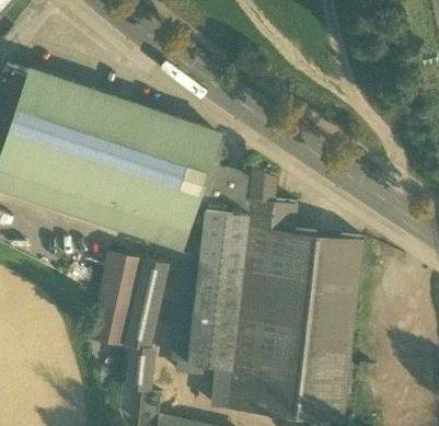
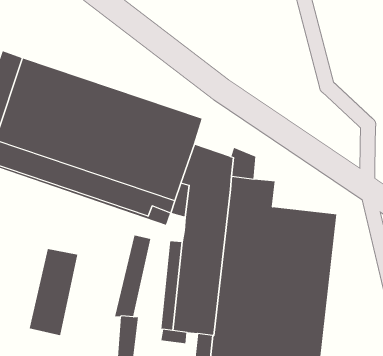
building: [91,252,143,345] -> [29,248,78,336]

